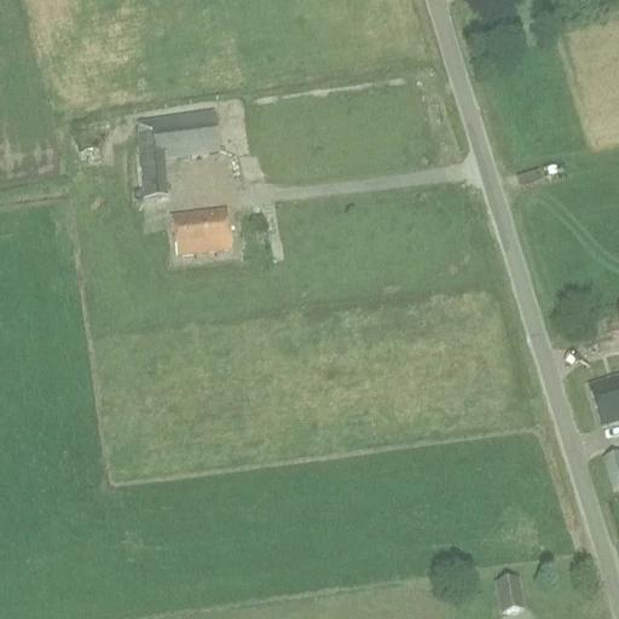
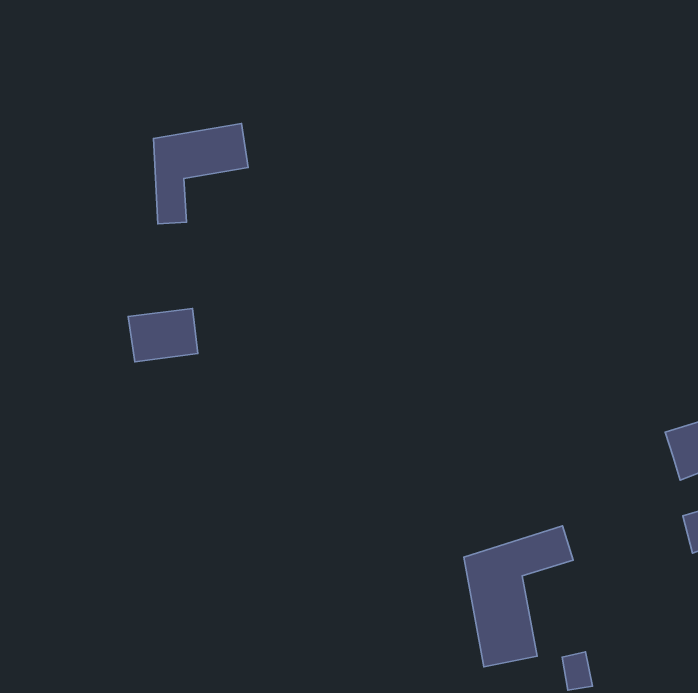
building: [172,204,233,251] -> [128,308,198,362]
building: none -> [464,526,573,667]

